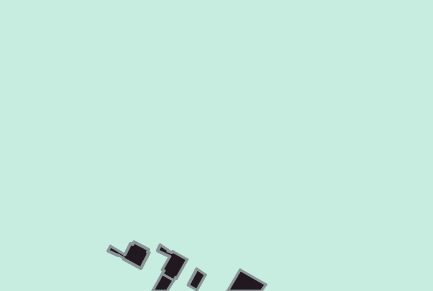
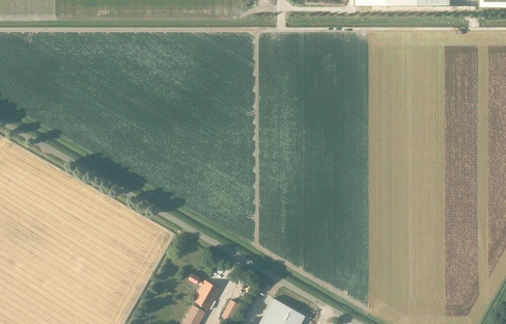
building: [108,242,149,269] -> none

